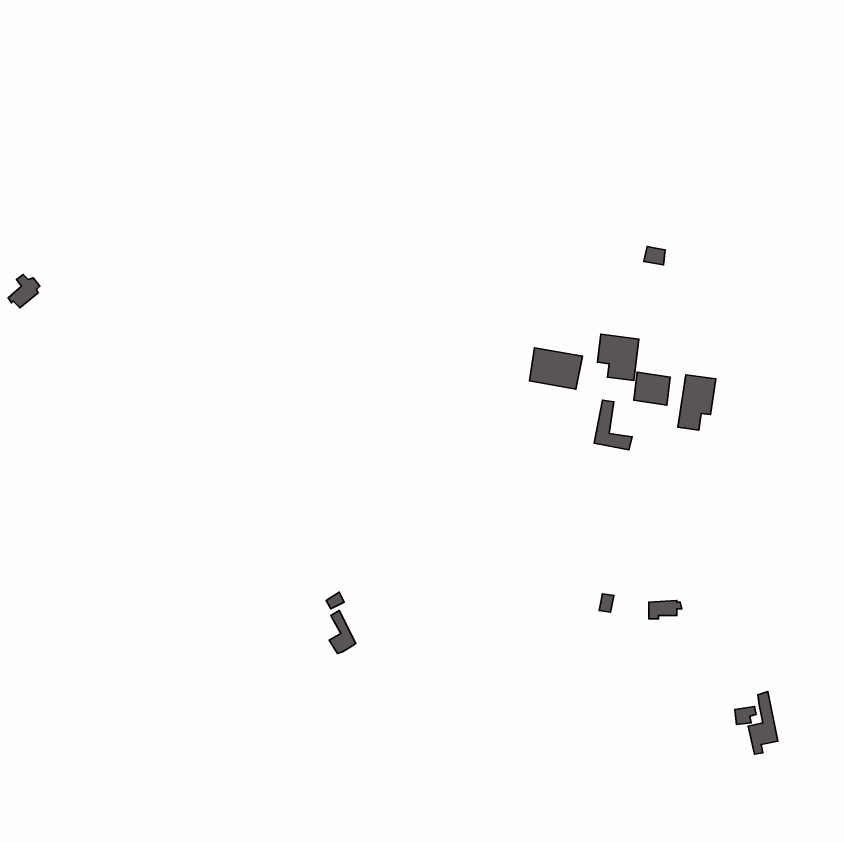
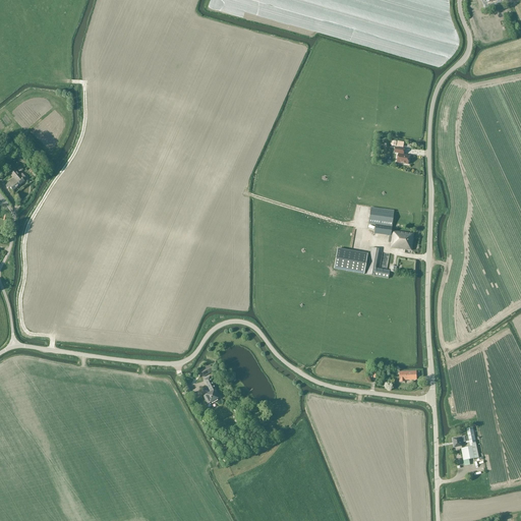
building: [530,348,583,389] -> [334,247,366,273]
building: [678,375,716,430] -> none

